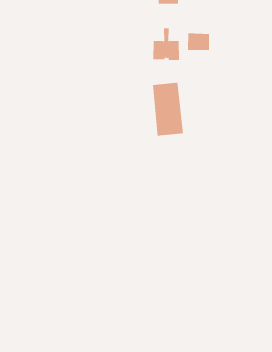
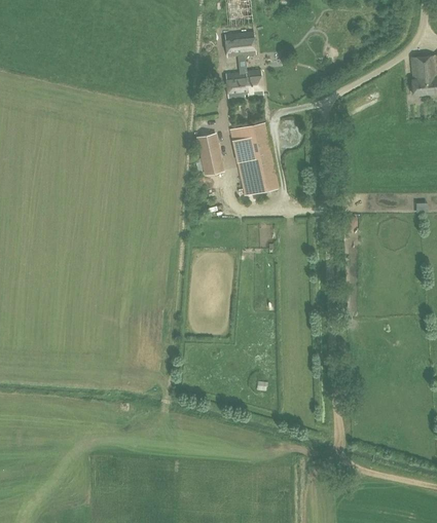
building: [187,33,210,51] -> [225,31,256,55]
building: none -> [196,130,224,175]

